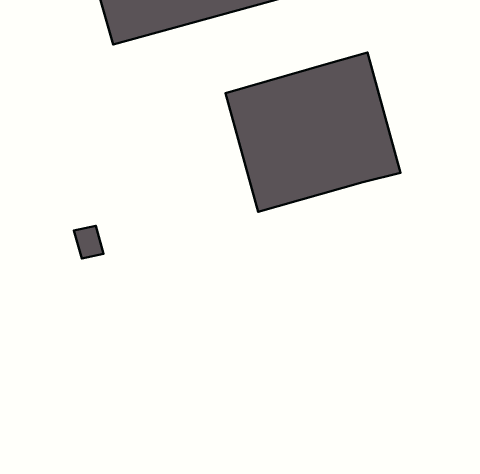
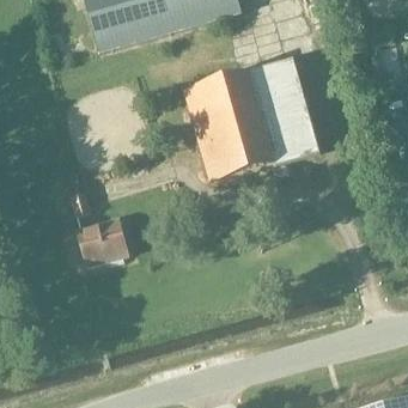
building: none -> [75,219,127,267]

